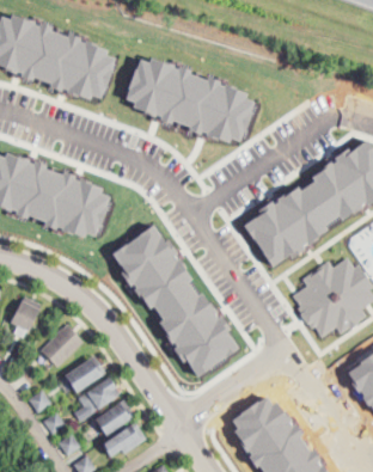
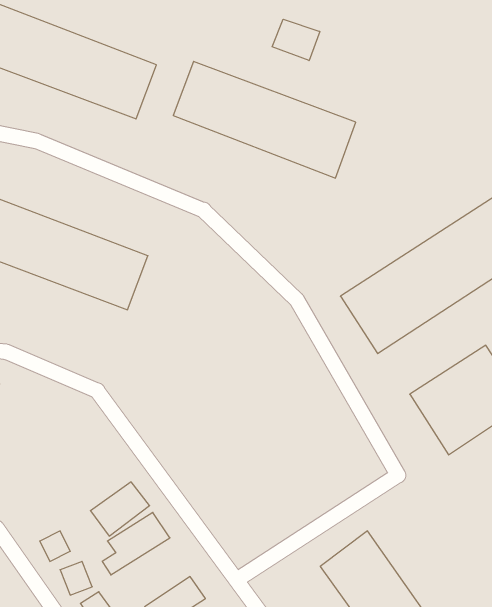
building: none -> [272,19,320,61]
building: [111,225,234,374] -> none
building: [11,295,43,332] -> none
building: [41,324,85,368] -> none
building: [96,401,134,435] -> none

